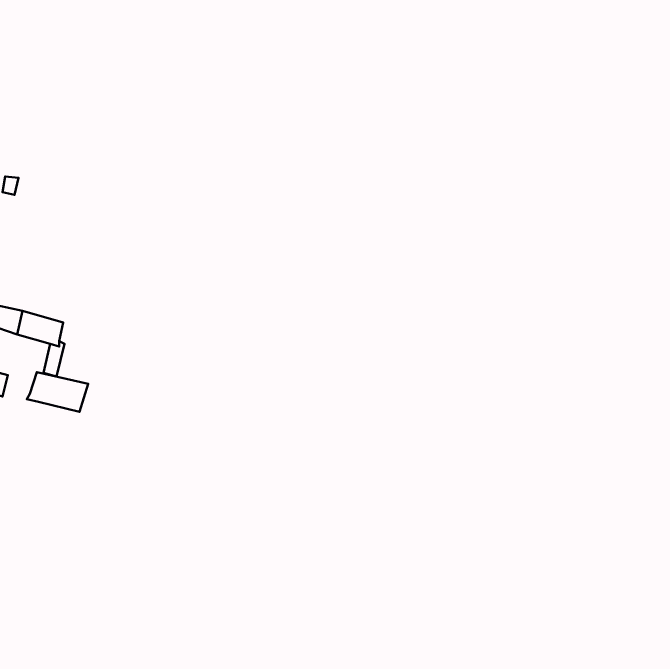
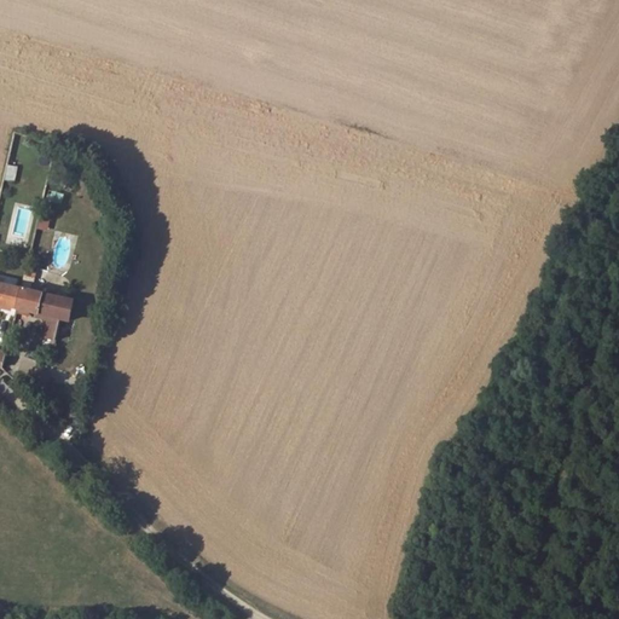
building: [27,372,88,412] -> none

